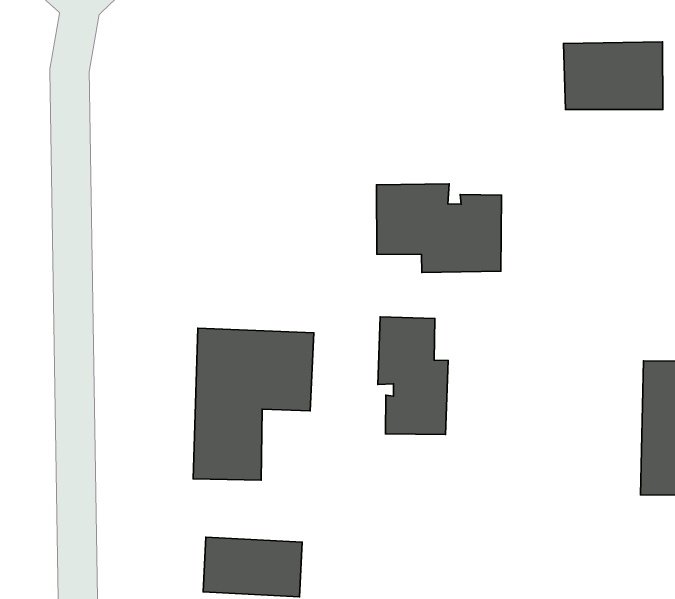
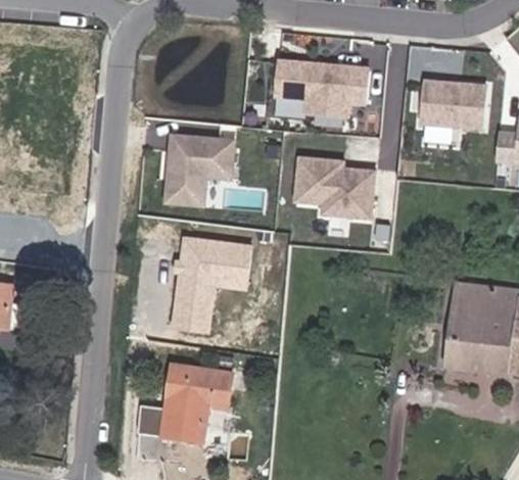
building: none -> [276,62,371,117]
building: none -> [164,134,234,205]
building: [378,317,448,435] -> none

